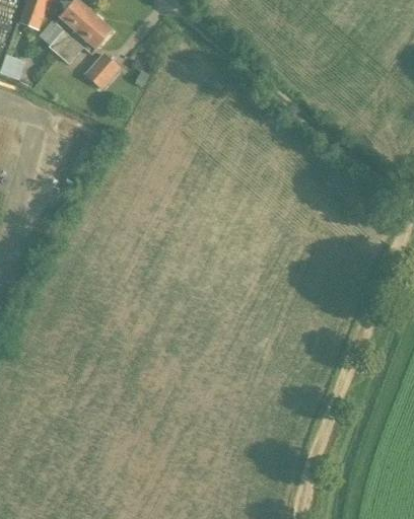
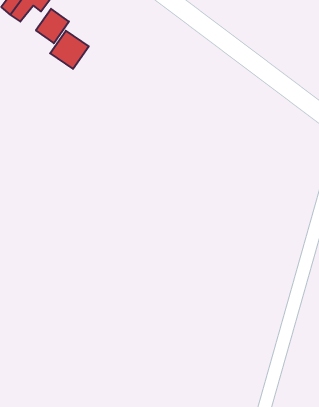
building: none -> [50,31,89,69]

